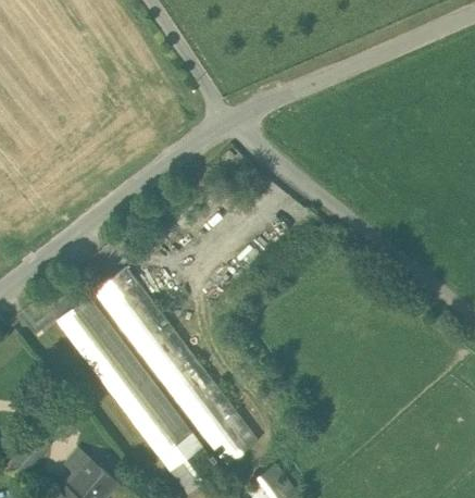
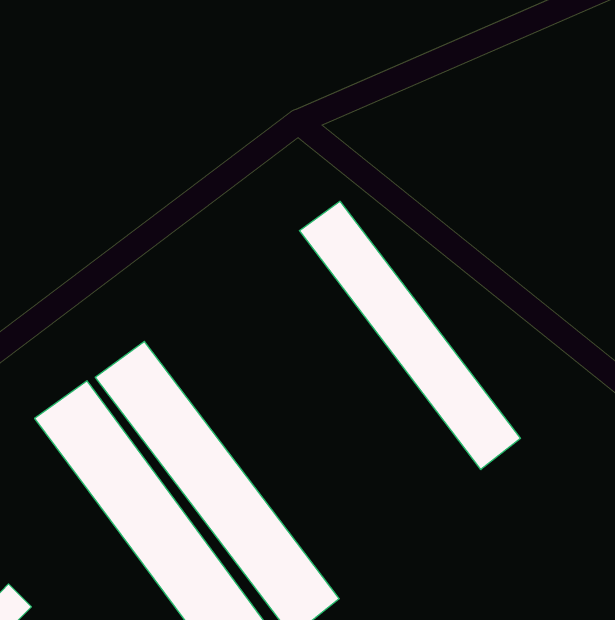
building: none -> [299,201,520,470]

